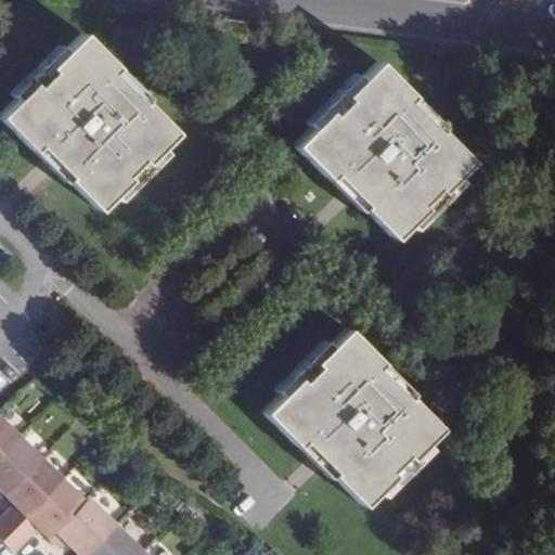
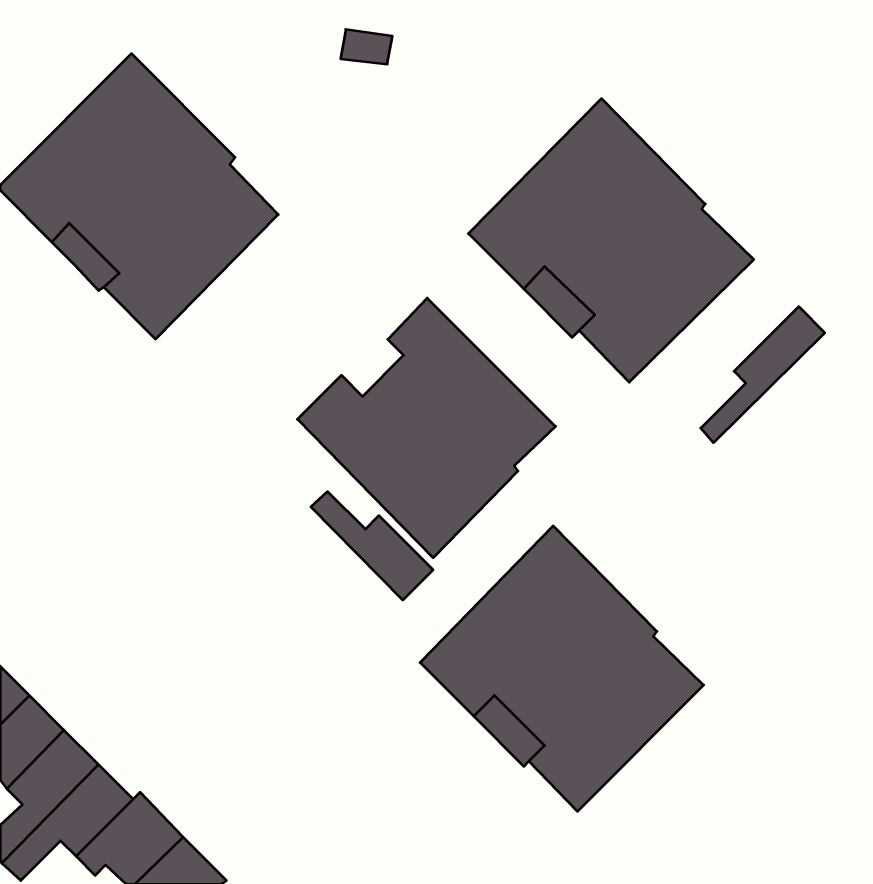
building: none -> [297,298,556,558]
building: none -> [701,307,825,443]
building: none -> [311,492,433,600]

